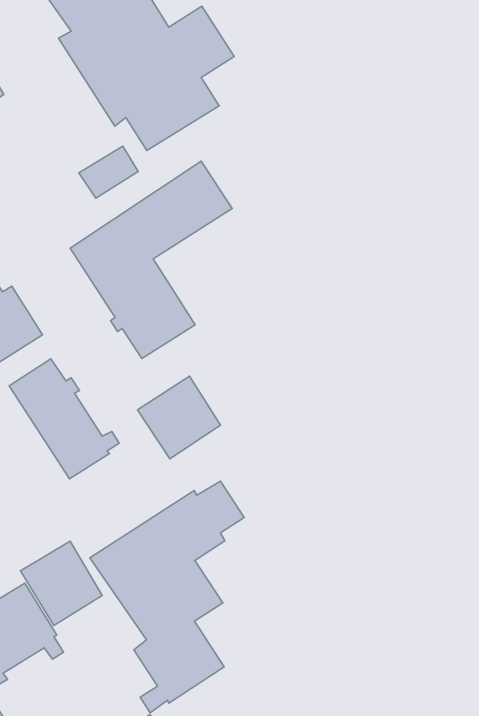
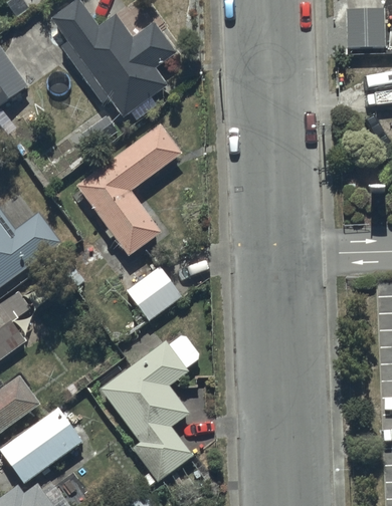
building: [9,359,119,479] -> none
building: [21,541,102,625] -> none

